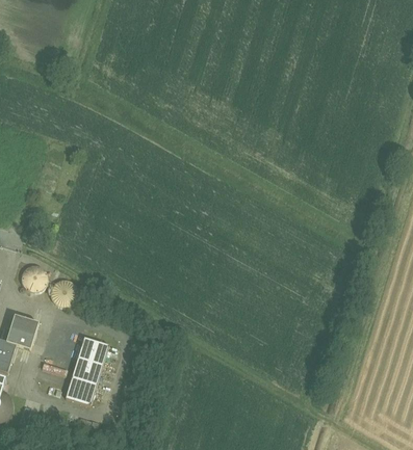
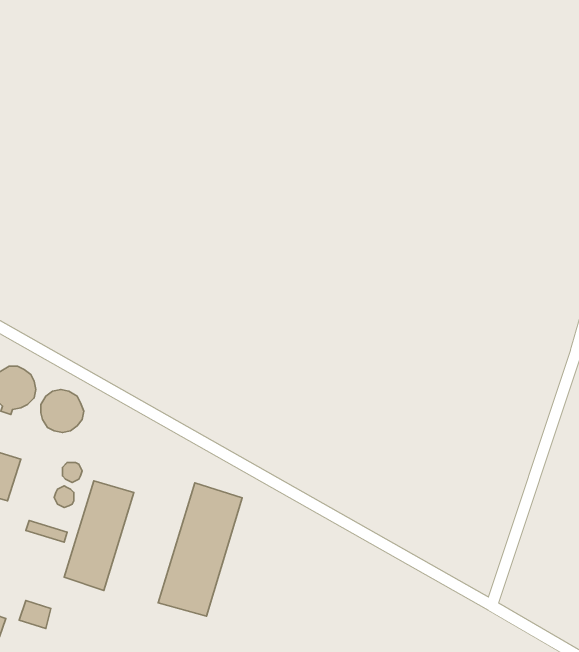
building: none -> [158,483,242,616]

